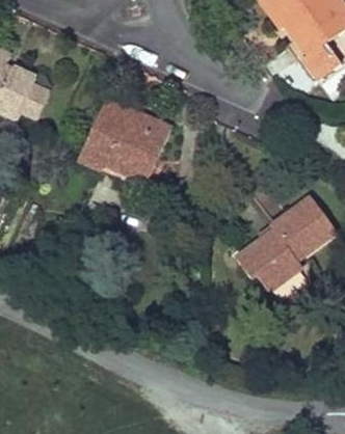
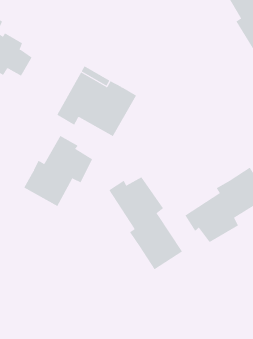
building: none -> [24,135,93,207]
building: none -> [109,177,183,270]

